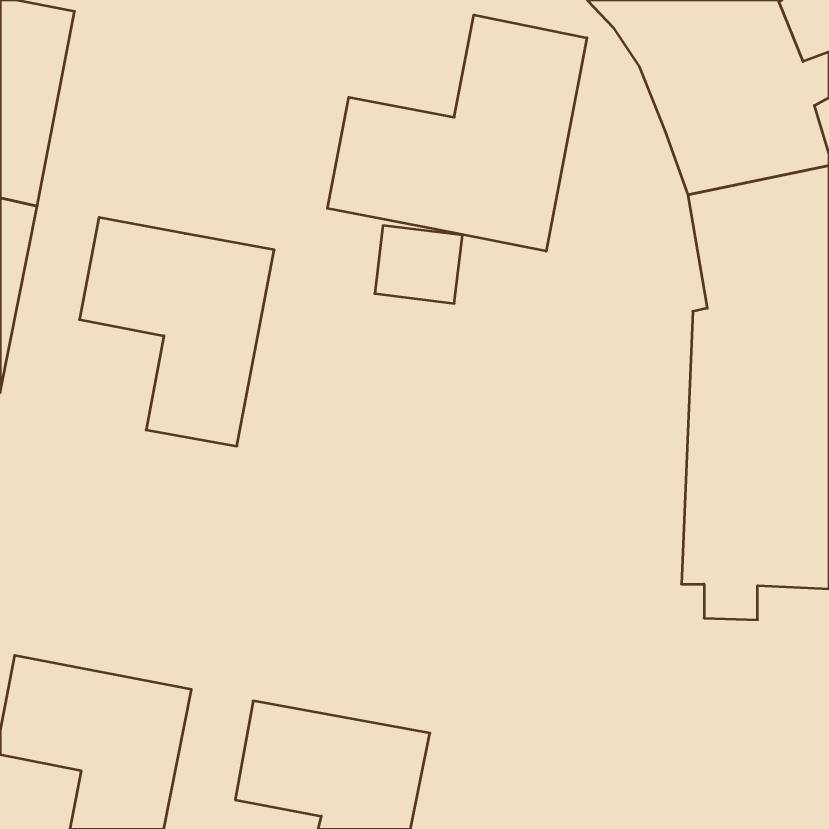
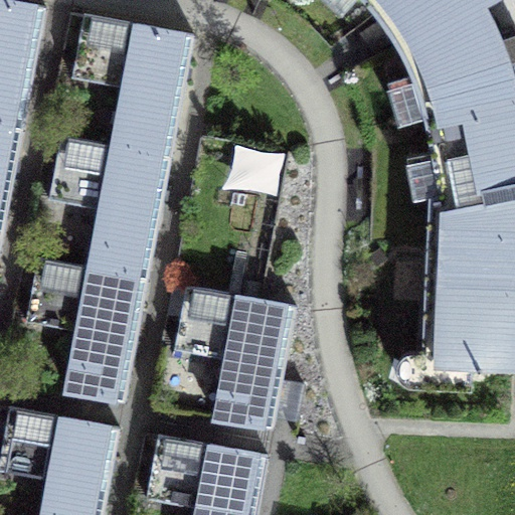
building: [327,15,587,251] -> none
building: none -> [72,13,193,155]
building: none -> [26,256,147,400]
building: none -> [176,286,295,427]

